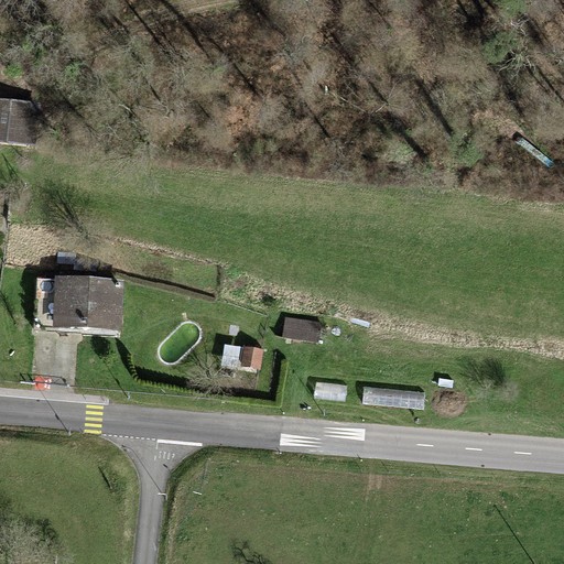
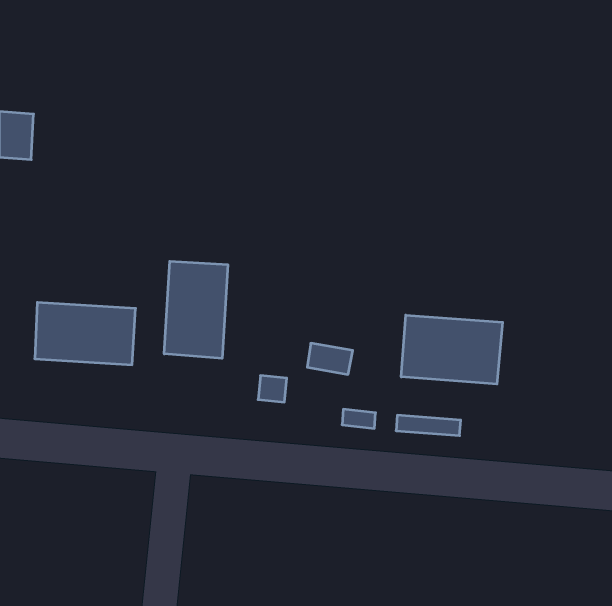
building: none -> [164,261,228,358]
building: none -> [401,315,503,384]

